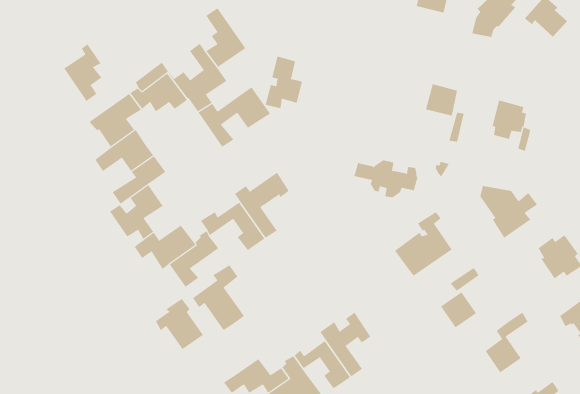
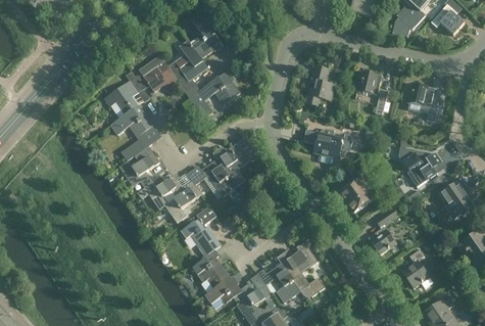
building: [63,43,102,102] -> none
building: [265,56,303,109] -> [305,64,334,104]
building: [155,298,204,350] -> [193,249,230,288]

